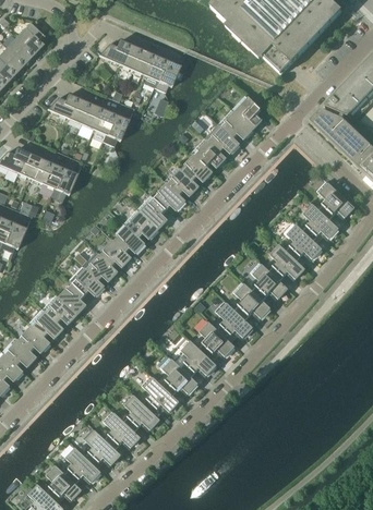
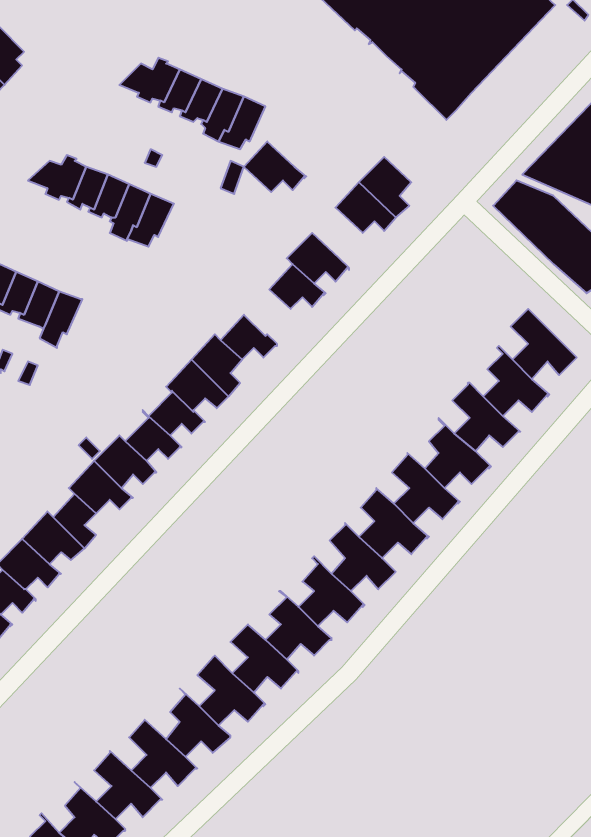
building: [206,123,241,151] -> [244,141,306,192]
building: [165,166,200,195] -> none

